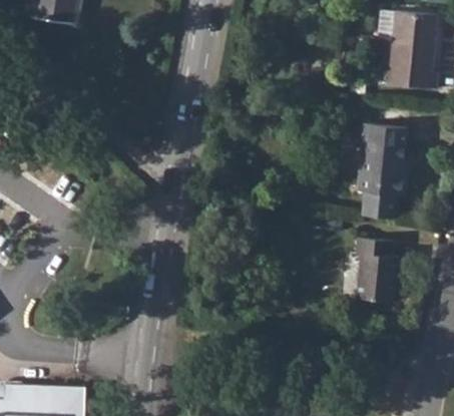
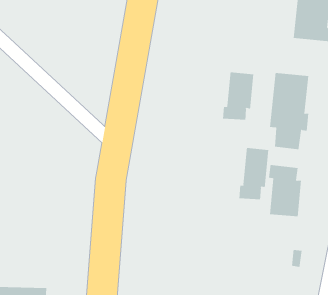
building: none -> [223,71,254,121]
building: none -> [239,147,269,200]

